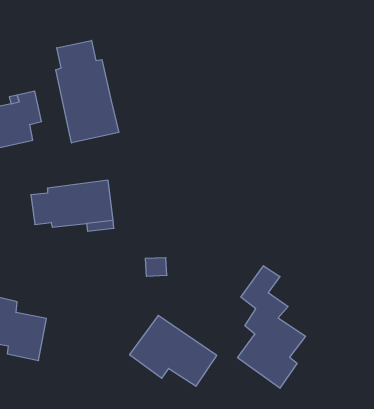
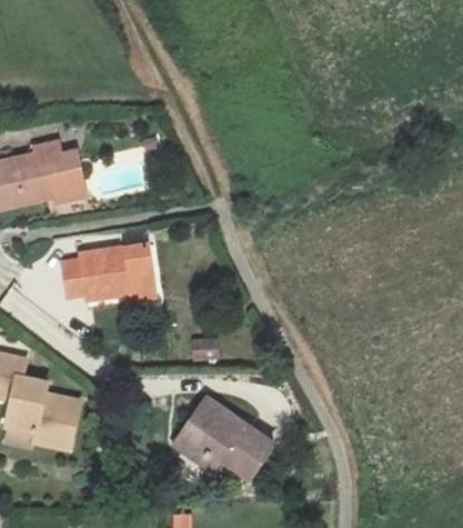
building: [56,40,119,143] -> none
building: [238,266,305,388] -> none

